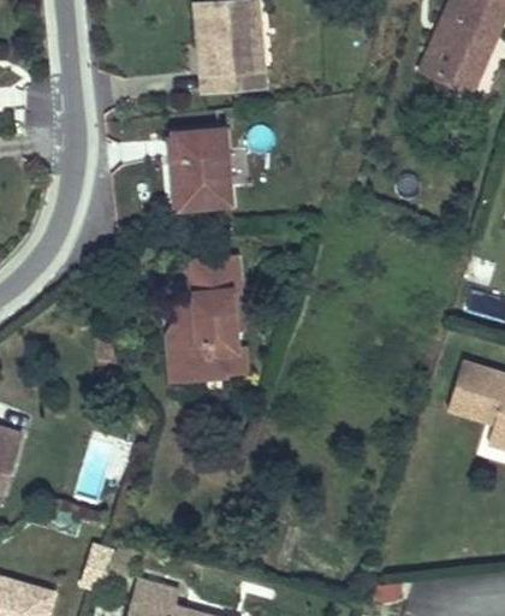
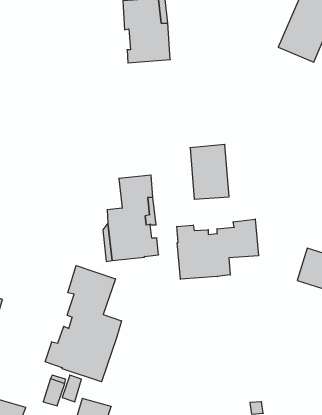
building: [173,132,230,212] -> [190,144,229,199]
building: none -> [177,219,258,279]
building: none -> [45,266,121,382]

